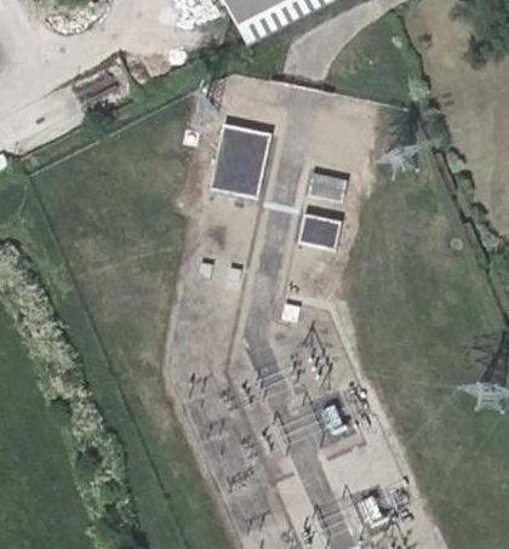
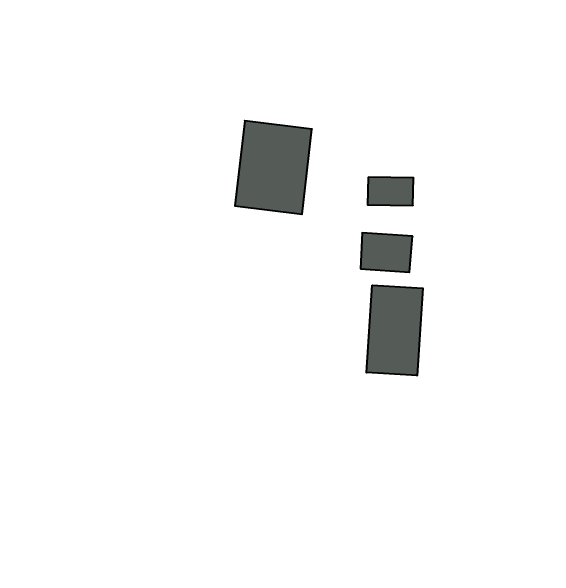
building: none -> [366,285,423,376]

